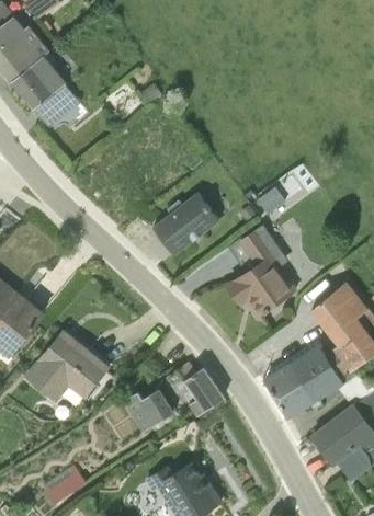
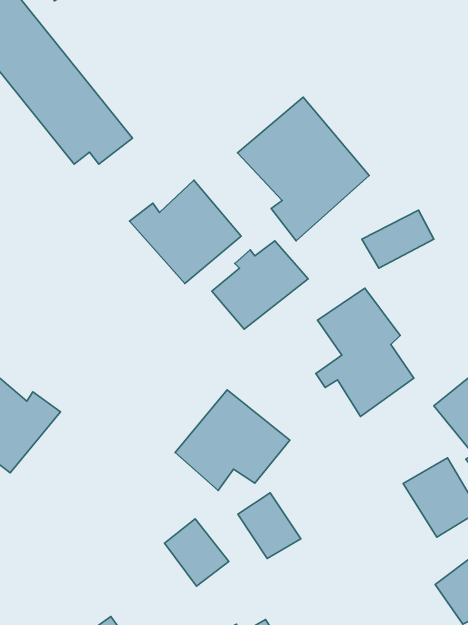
building: none -> [238,97,369,241]
building: none -> [129,180,241,284]
building: [26,331,109,403] -> [175,390,290,491]
building: [264,365,314,420] -> none

